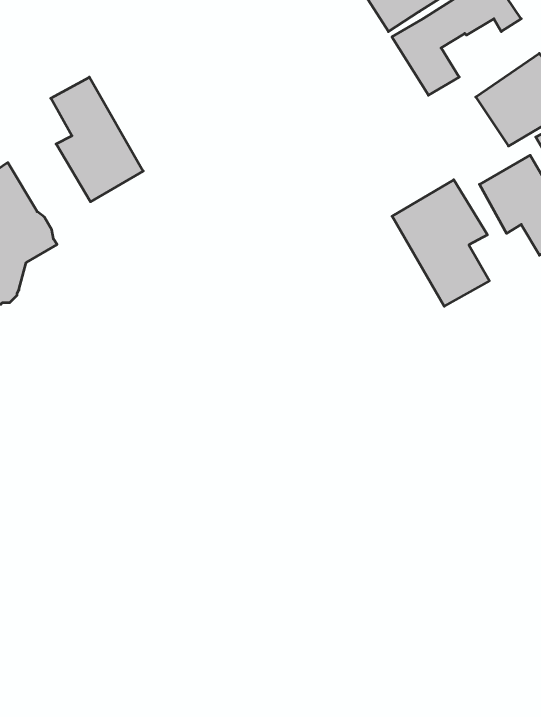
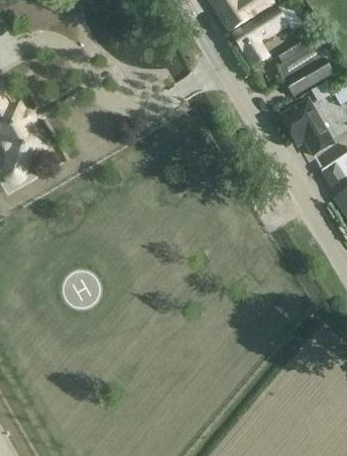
building: [51,77,143,202] -> none
building: [392,180,489,306] -> none

